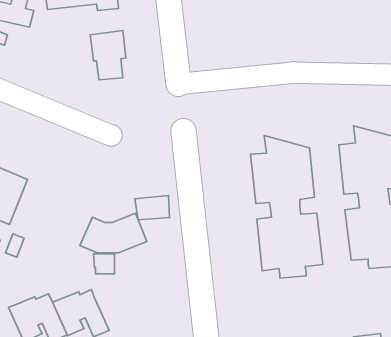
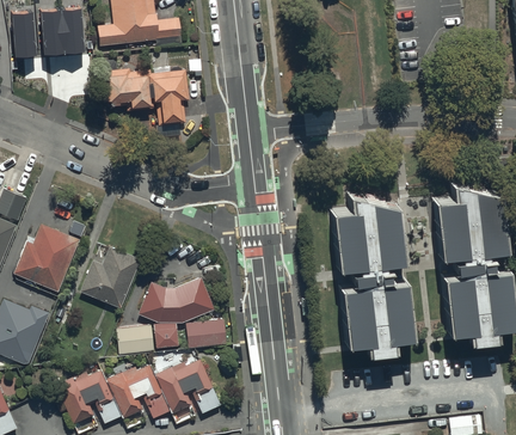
building: none -> [102,68,154,111]
building: none -> [81,246,142,307]
building: [135,196,170,220] -> [186,319,226,347]
building: none -> [118,325,154,354]
building: none -> [155,359,222,413]

